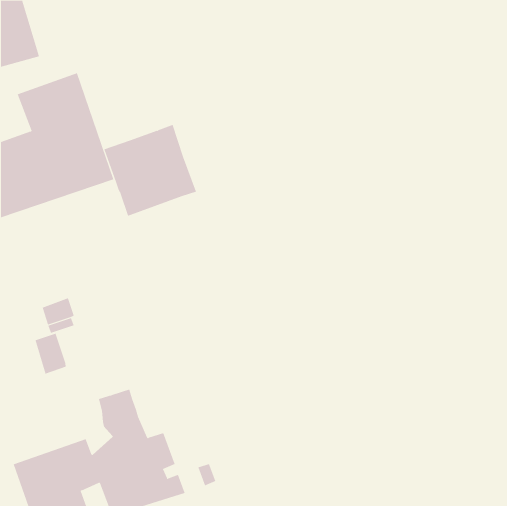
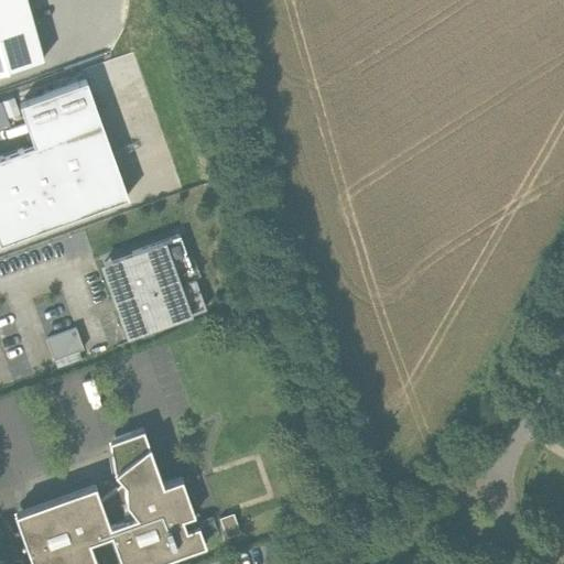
building: [104,124,197,217] -> [102,237,206,339]
building: [35,333,66,374] -> none

